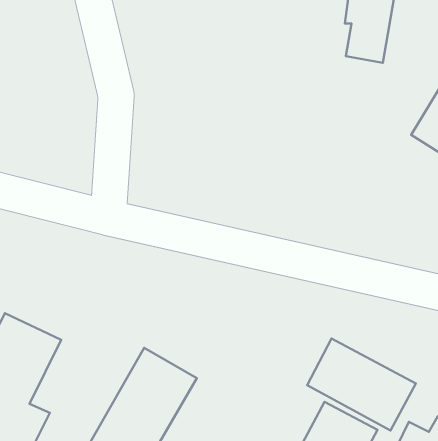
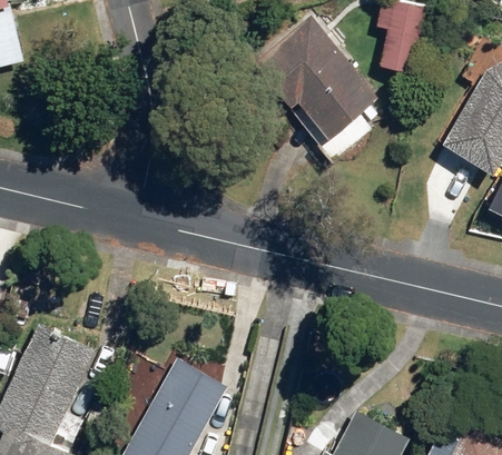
building: none -> [246,21,380,145]
building: [307,339,416,430] -> none

